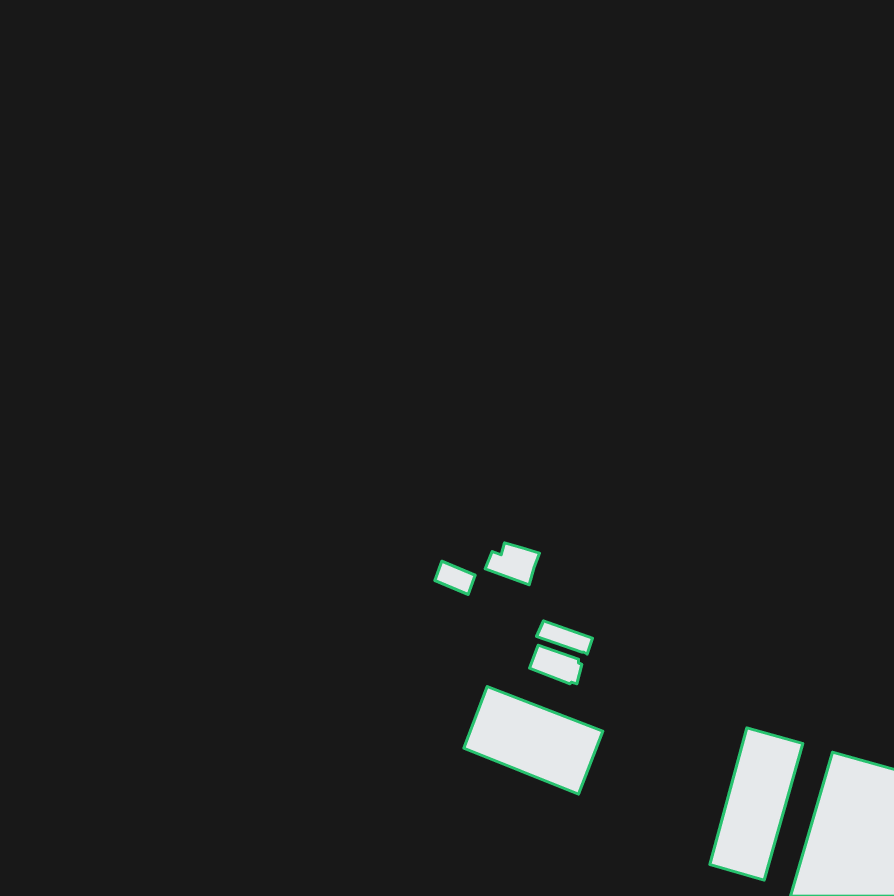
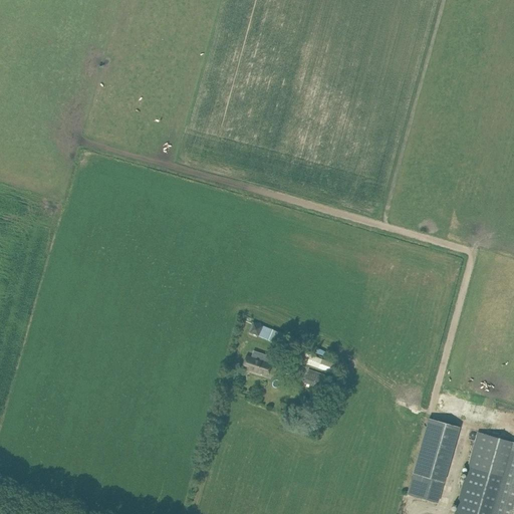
building: [485,543,540,585] -> [243,351,274,375]
building: [464,687,603,794] -> none

